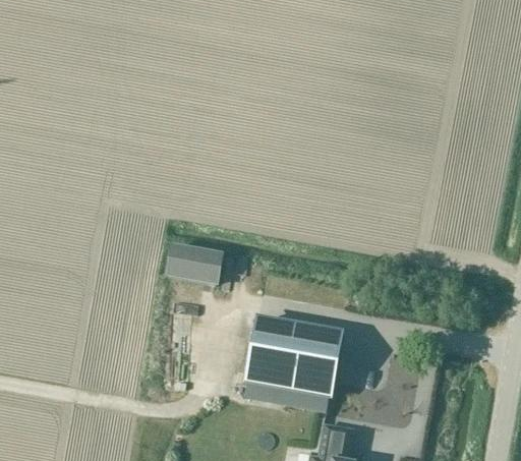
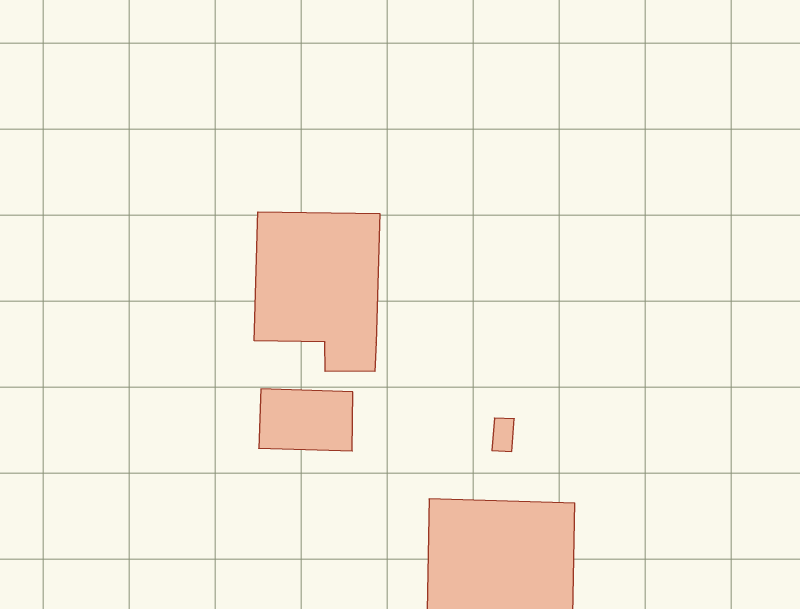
building: none -> [254,212,380,371]

